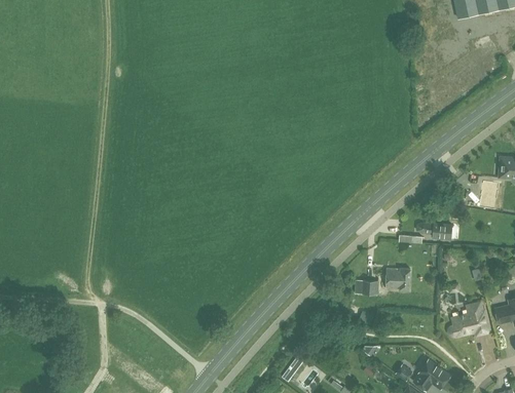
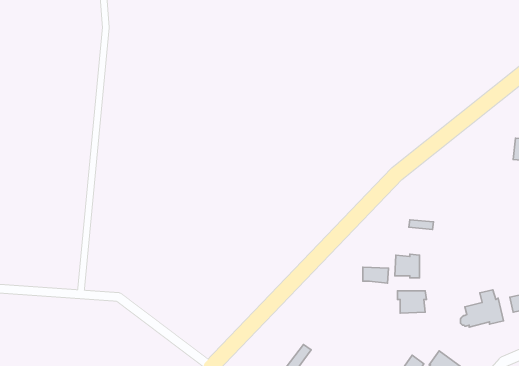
building: [417,222,452,238] -> none
building: none -> [398,291,426,313]

